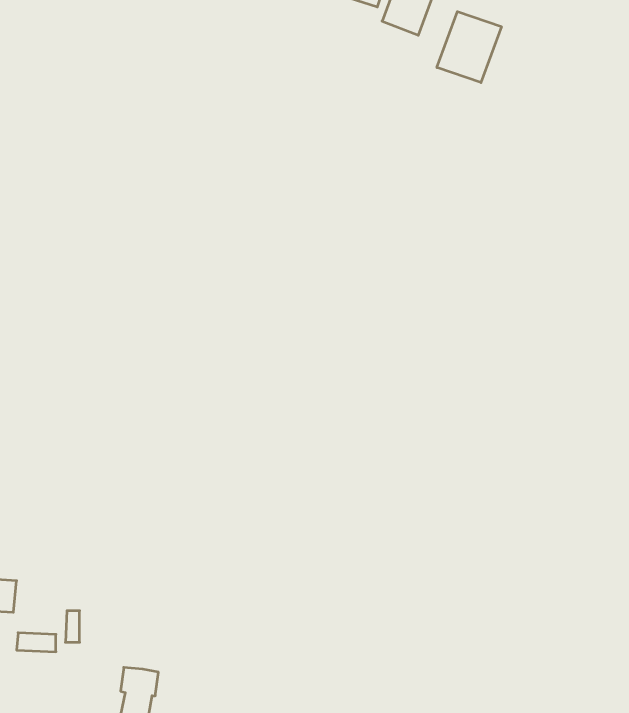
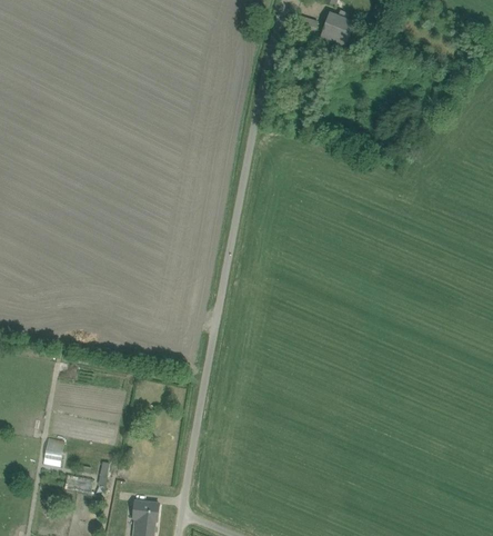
building: [437,12,501,83] -> none

